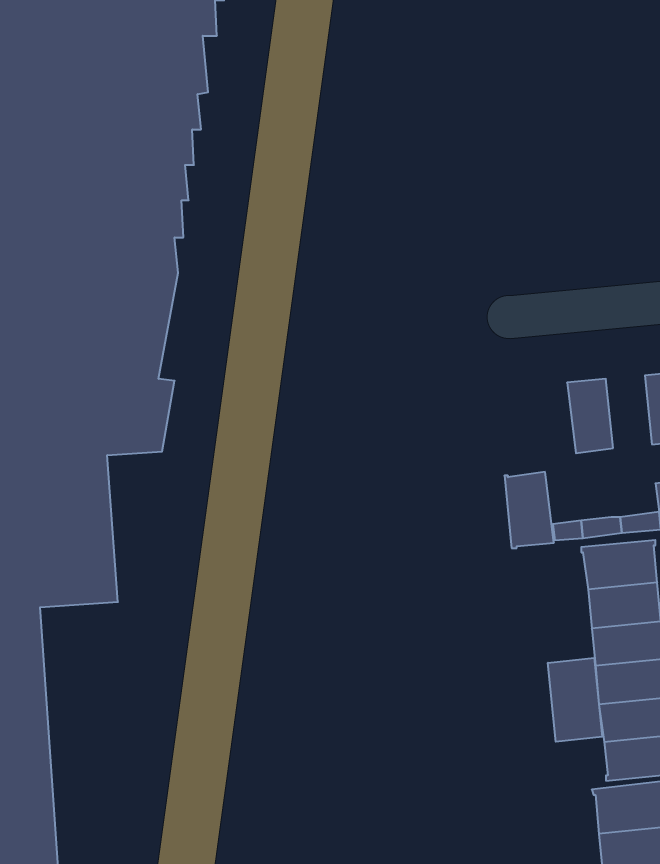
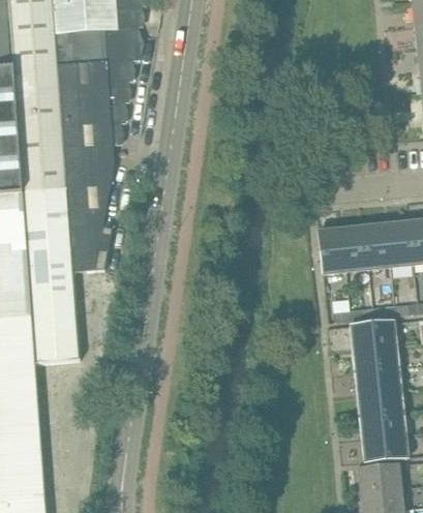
building: none -> [364,225,391,268]
building: [504,472,554,548] -> [318,230,346,274]
building: [548,658,602,742] -> none

